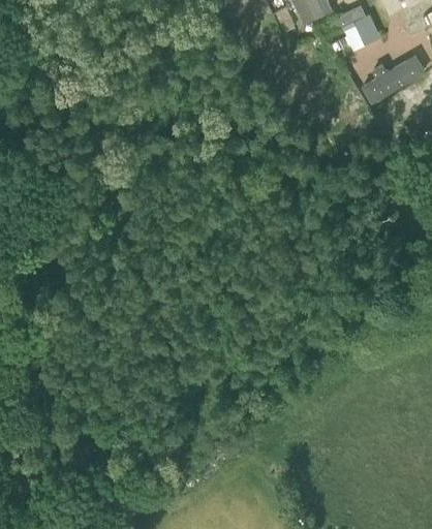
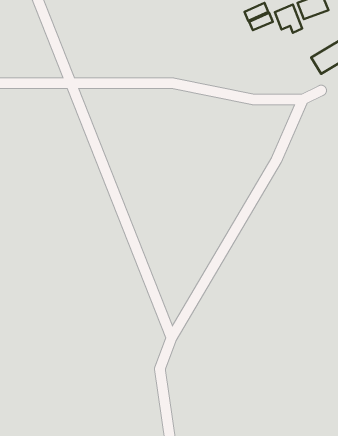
building: none -> [275,5,302,33]

